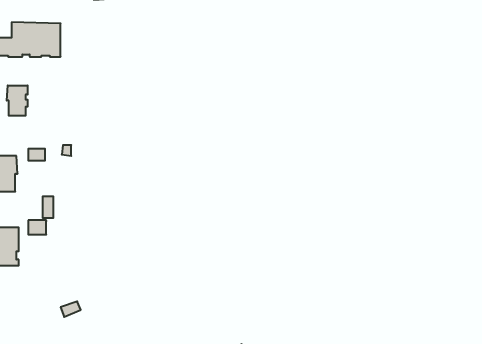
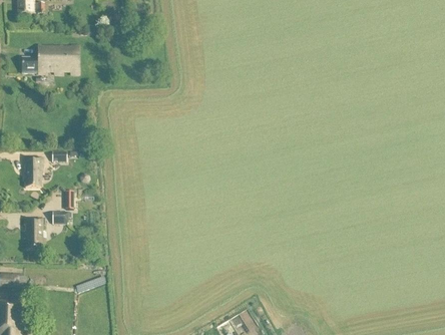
building: [7,85,28,116] -> none

